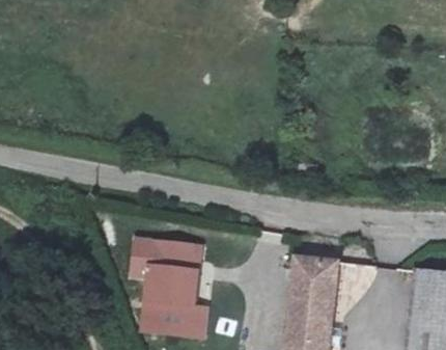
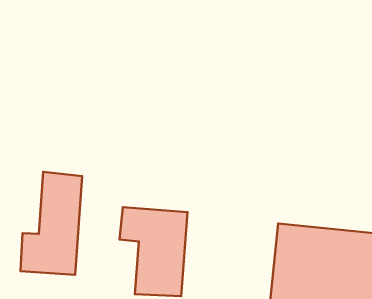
building: none -> [20,172,82,275]

